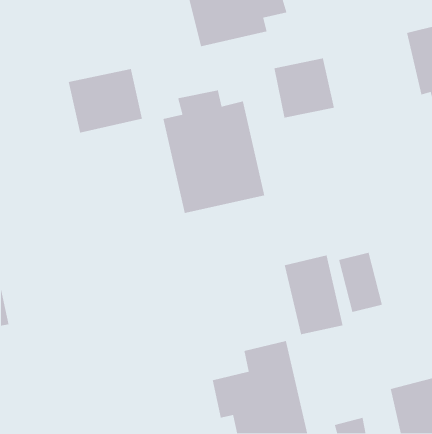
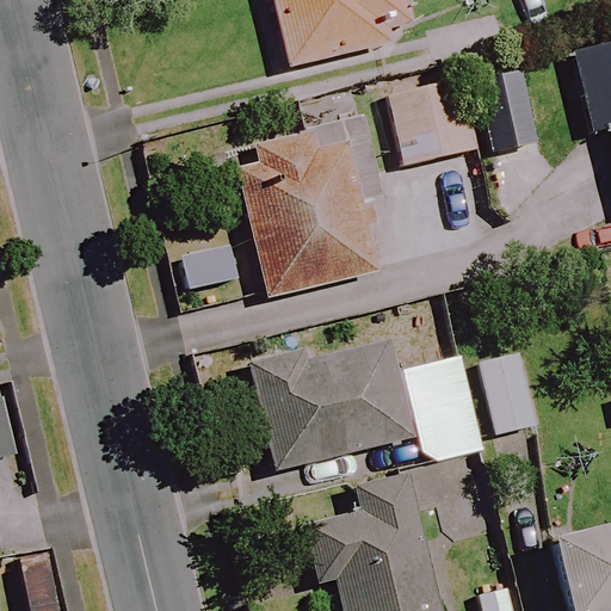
building: [68,68,143,133] -> none
building: none -> [249,340,413,471]

